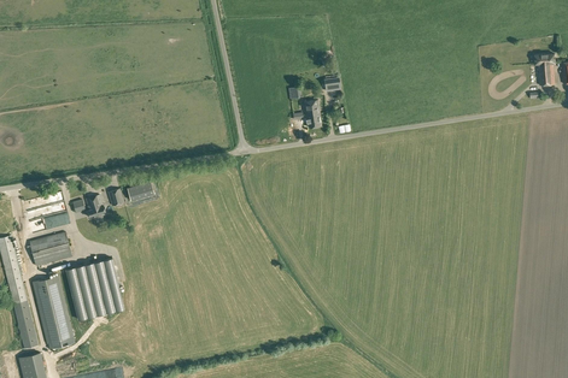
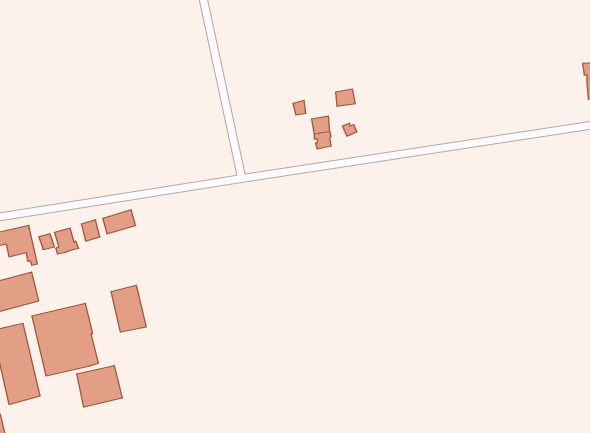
building: none -> [111,285,146,332]
building: none -> [77,365,122,407]

